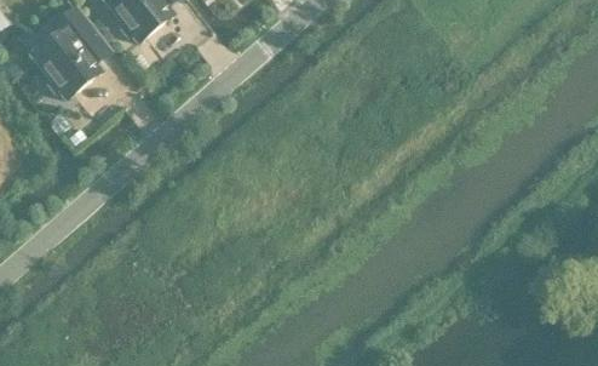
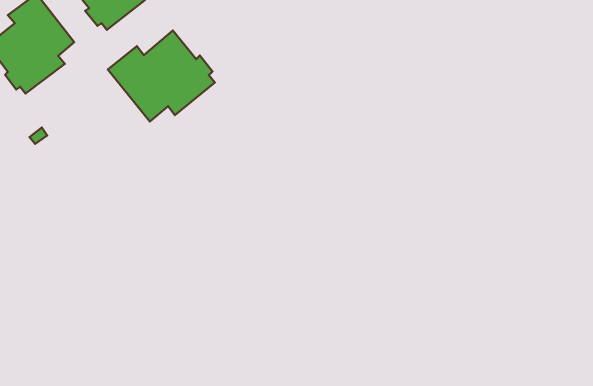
building: none -> [108,30,215,122]

